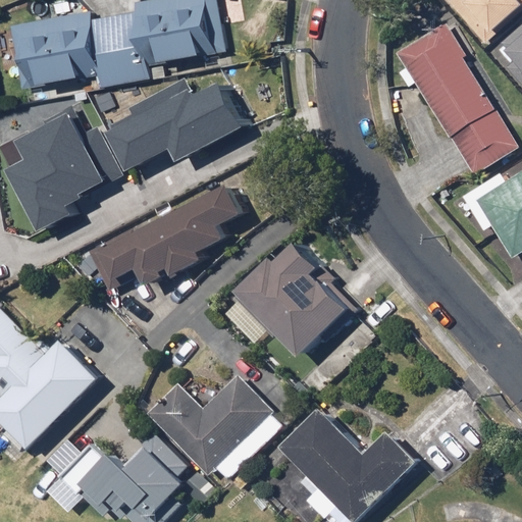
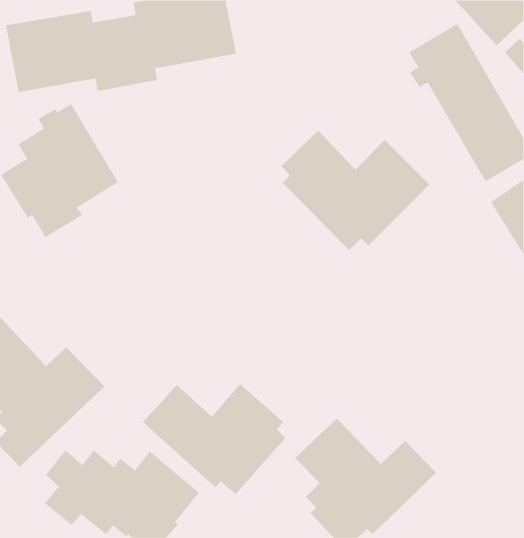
building: [100,69,252,170] -> none
building: none -> [281,130,430,251]
building: [84,177,248,295] -> none
building: [217,236,356,358] -> none

